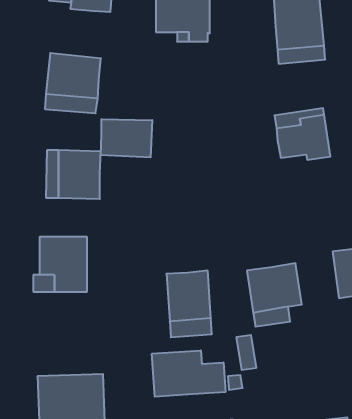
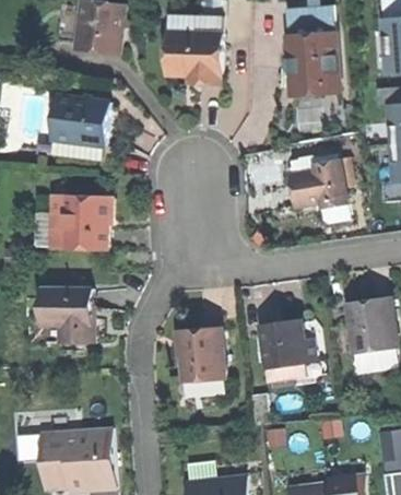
building: [101,119,152,157] -> none
building: [152,350,225,397] -> none

